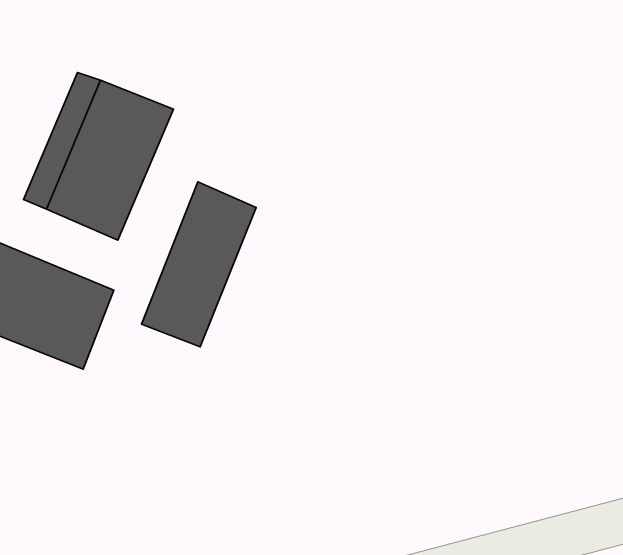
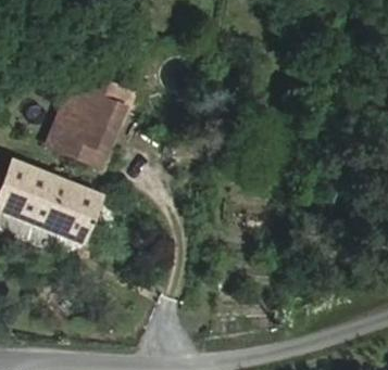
building: [142,182,256,347] -> none

